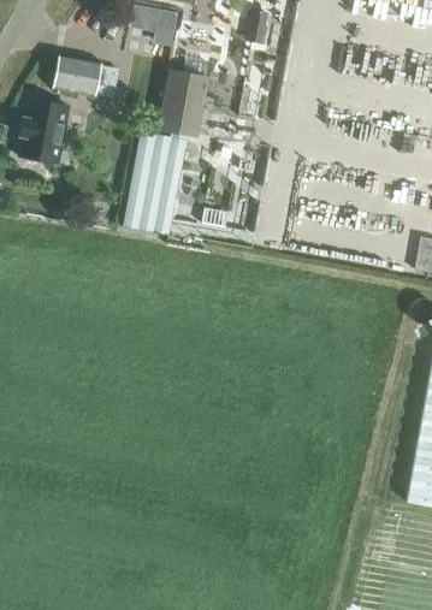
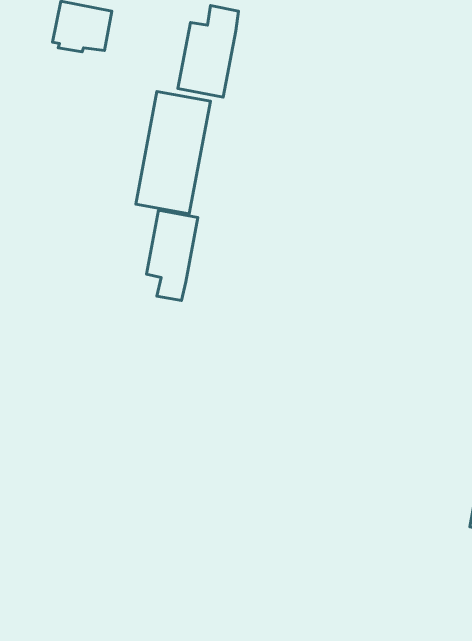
building: [18,97,69,162] -> none
building: none -> [147,210,198,301]

